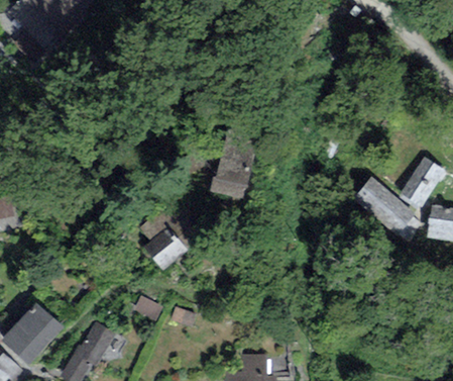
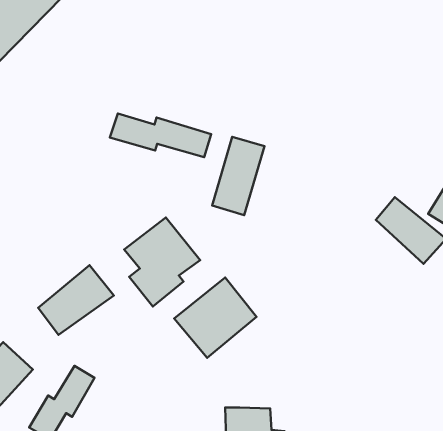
building: none -> [110,114,211,157]
building: none -> [38,265,114,335]
building: none -> [174,278,257,358]

